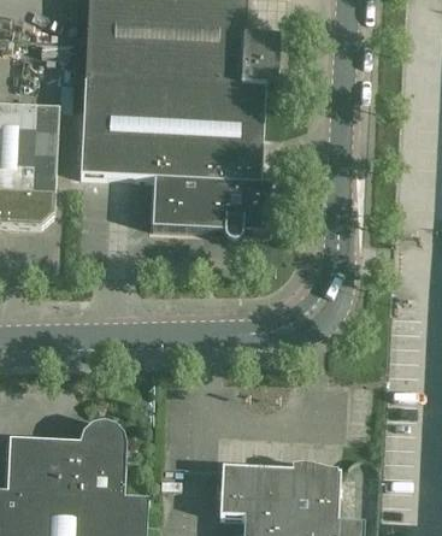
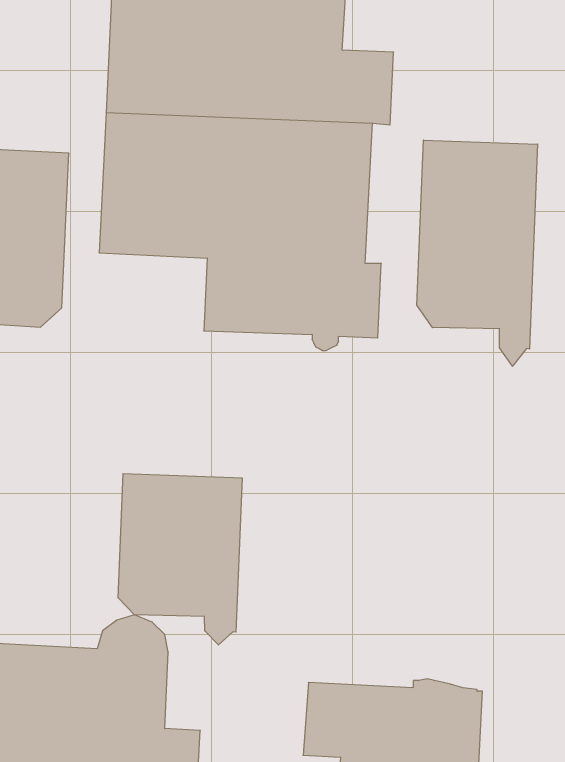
building: none -> [417,140,538,366]
building: none -> [118,474,242,645]

